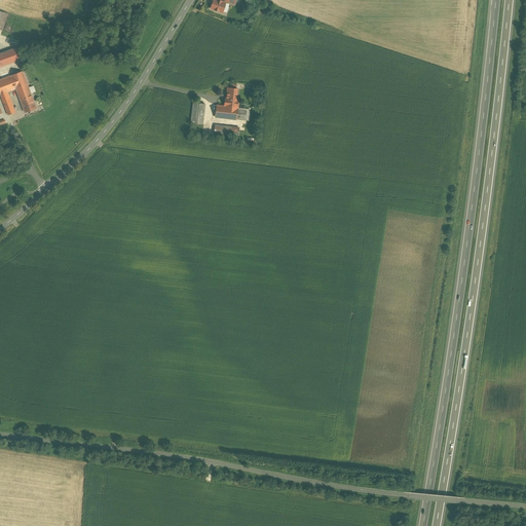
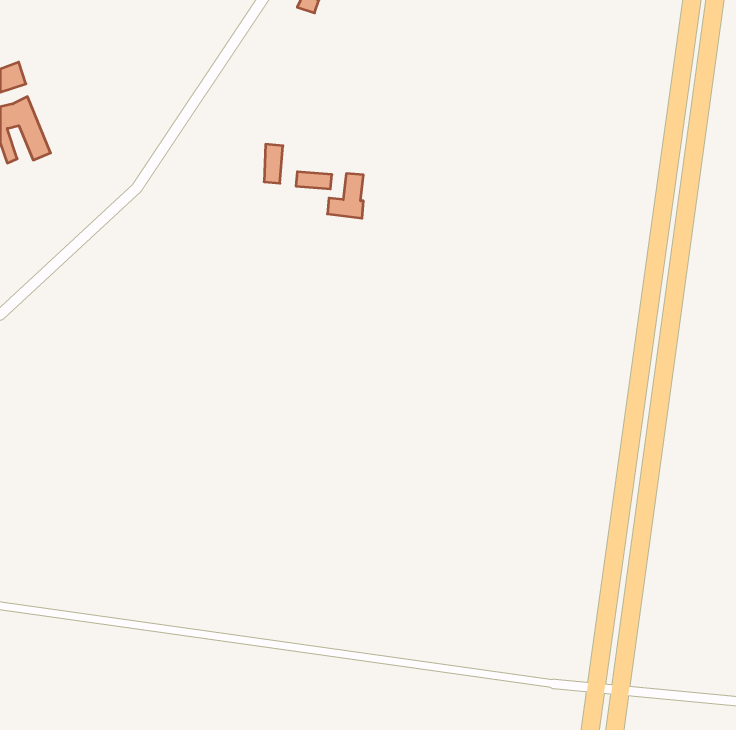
building: [212,87,237,119] -> [327,174,363,218]

